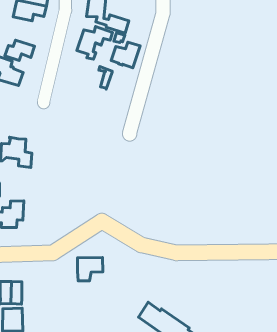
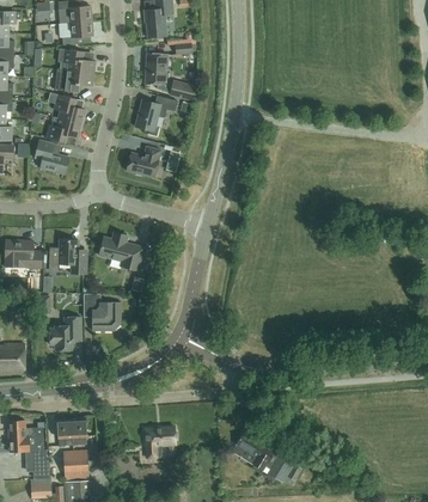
building: none -> [54,93,86,123]
building: [111,42,140,68] -> [127,146,161,177]
building: none -> [99,231,145,270]
building: none -> [84,293,121,330]
building: [78,257,103,281] -> [145,426,177,457]

